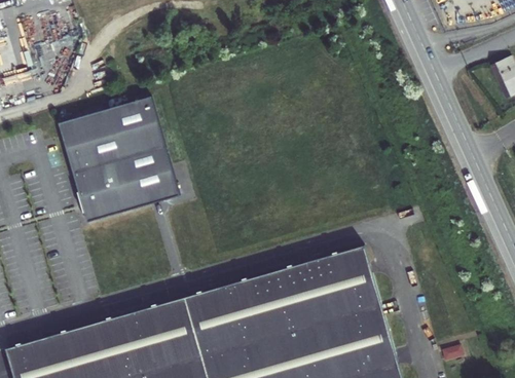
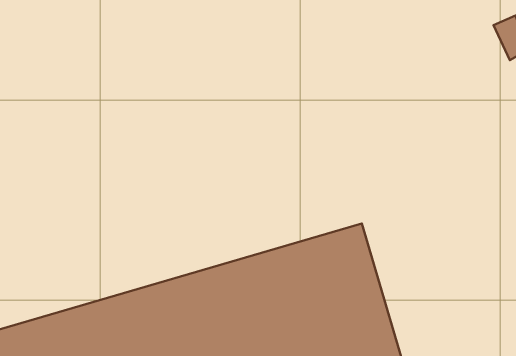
building: [57,99,178,224] -> none

